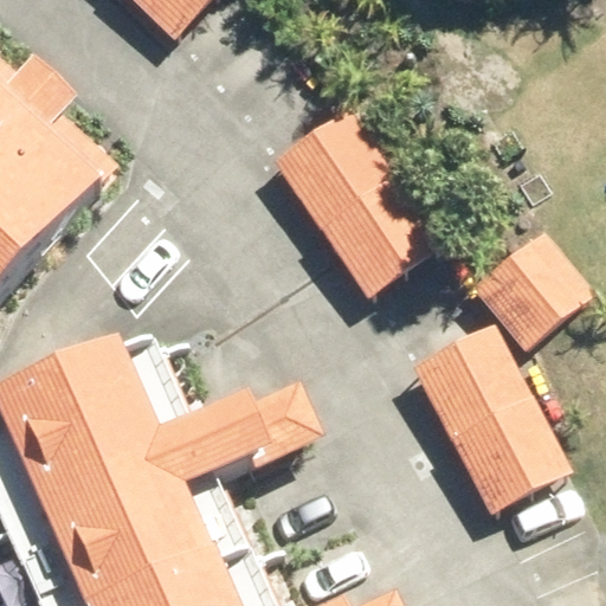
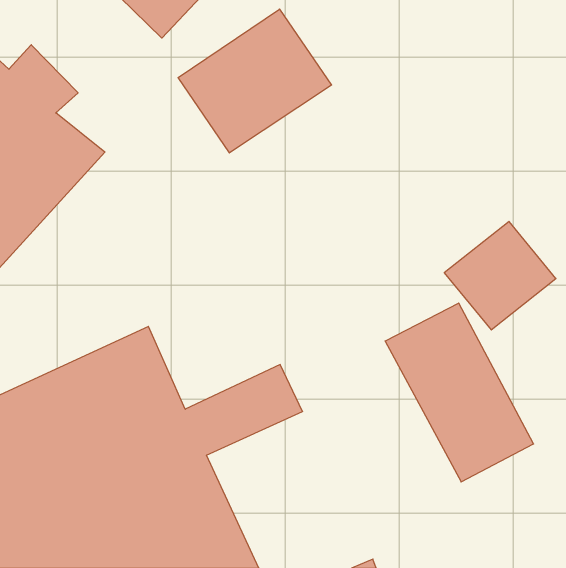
building: none -> [178,9,332,153]
building: [275,111,438,296] -> none

